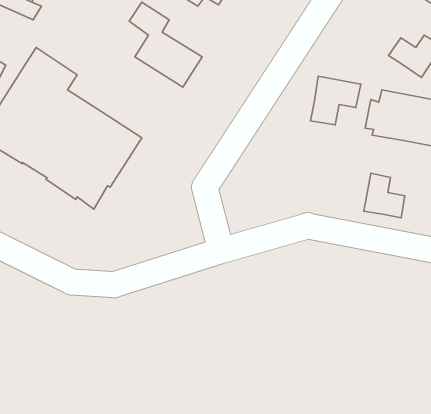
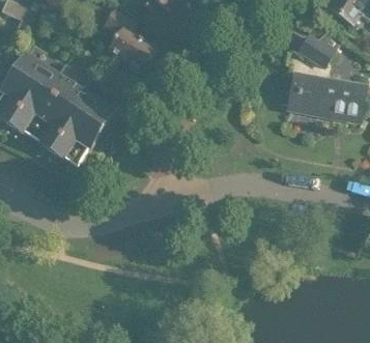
building: [310,76,361,125] -> none
building: [364,173,405,218] -> none

